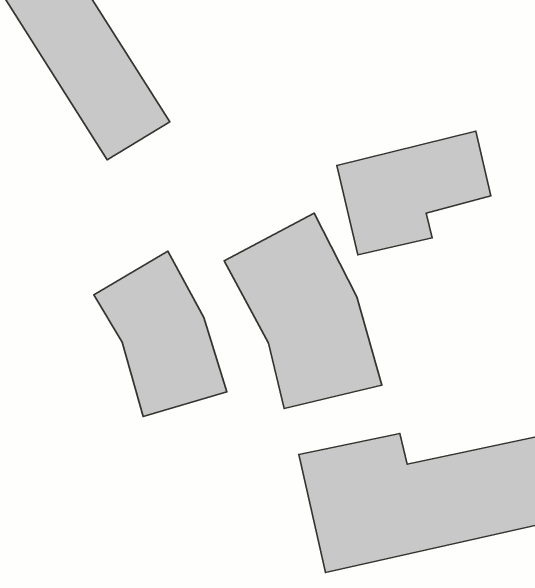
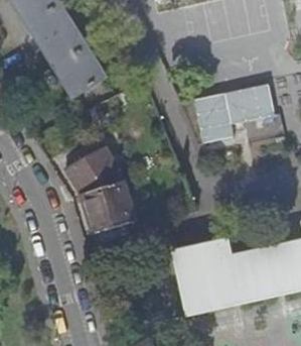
building: [224,213,382,408] -> none

